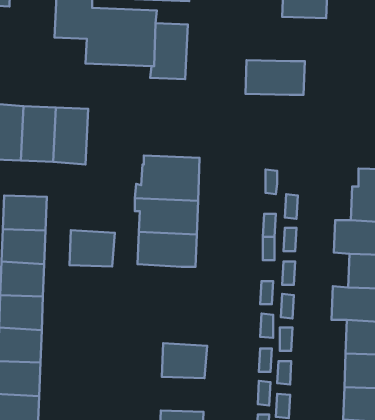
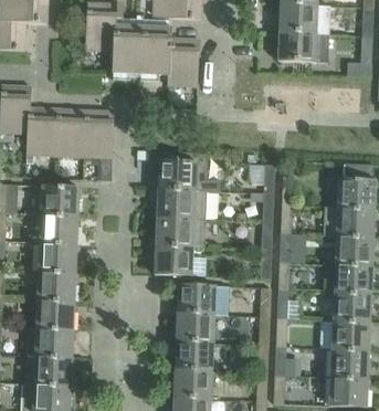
building: [245,60,305,95] -> [278,32,329,62]
building: [70,230,115,266] -> [155,243,193,274]
building: none -> [178,282,217,313]
building: none -> [176,339,213,369]

